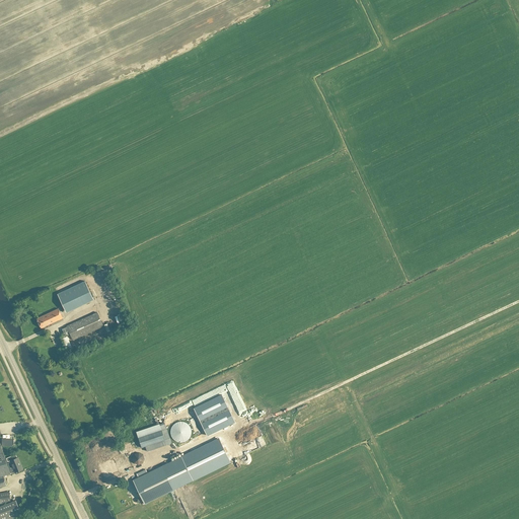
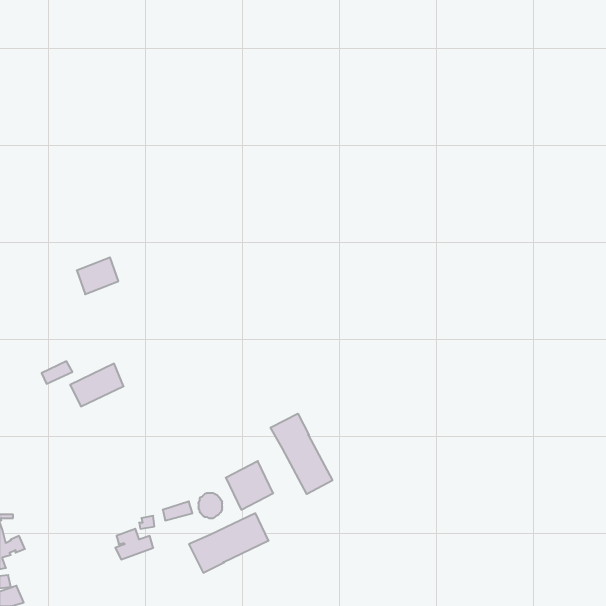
building: [57,279,92,310] -> [77,257,118,294]
building: none -> [271,414,332,494]
building: [132,464,173,503] -> none

